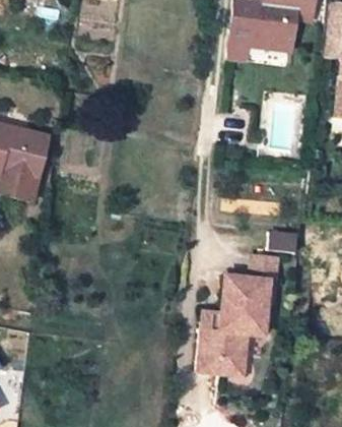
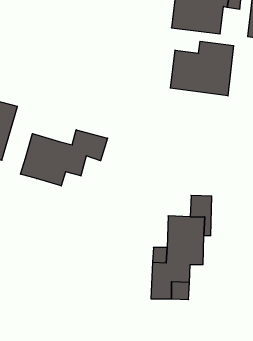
building: none -> [170,41,233,96]
building: none -> [21,130,108,186]

